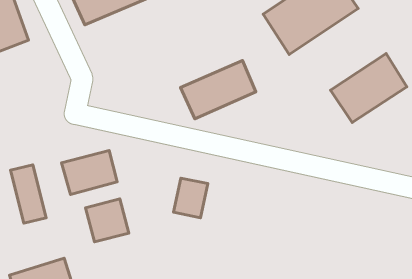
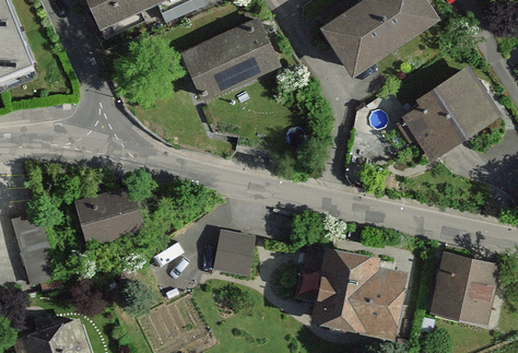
building: [180,61,256,119] -> [184,26,275,97]
building: none -> [313,246,396,332]
building: [85,199,129,242] -> none
building: none -> [433,258,491,320]

